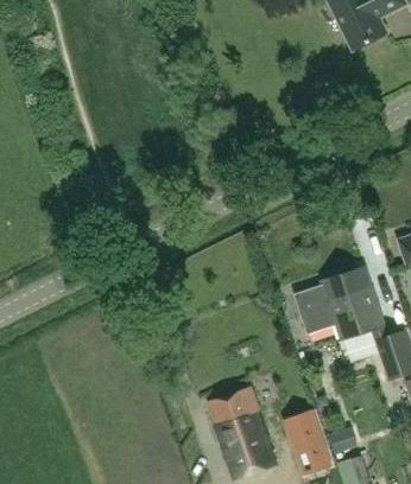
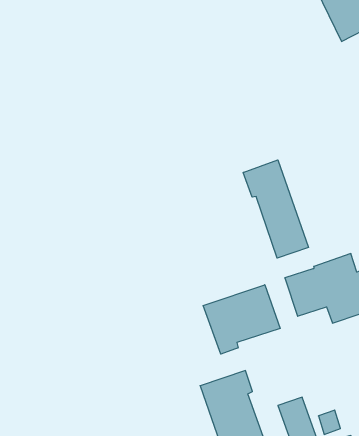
building: none -> [243,160,308,258]
building: none -> [203,285,280,354]

